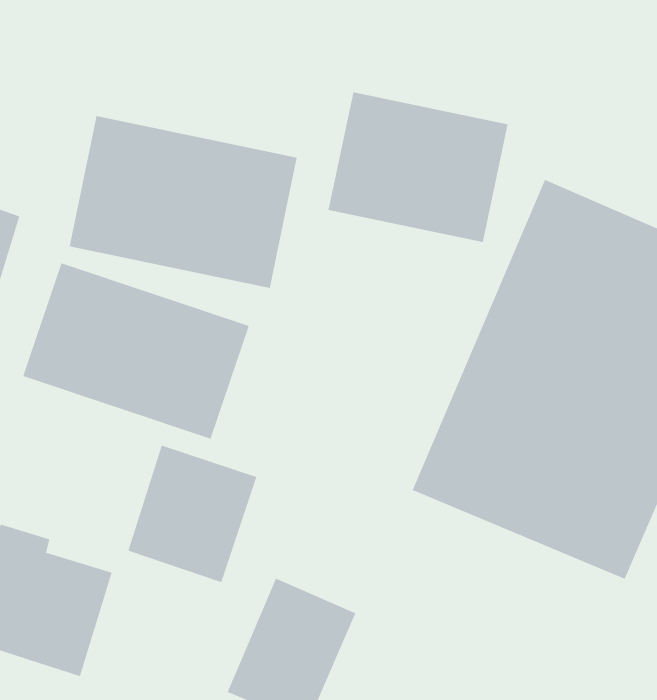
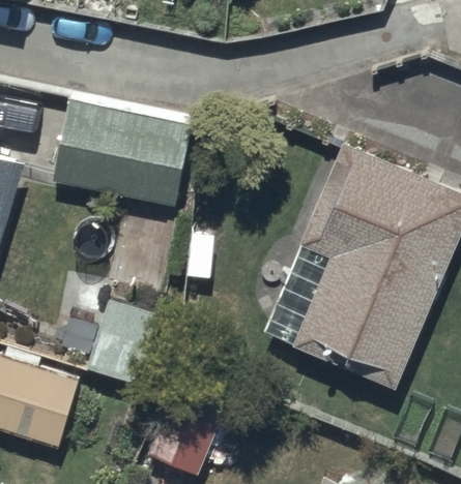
building: [328,91,508,243] -> none
building: [23,263,249,439] -> none

